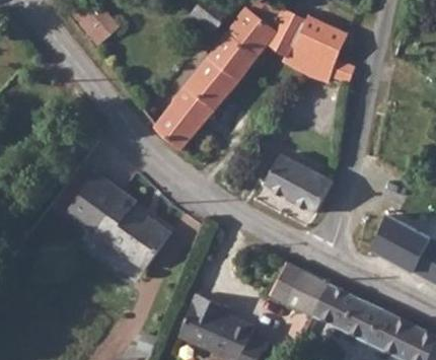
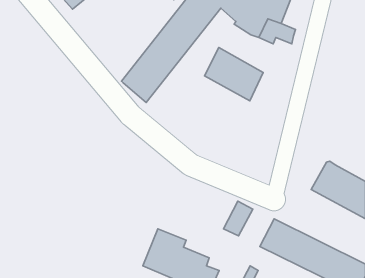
building: [264,153,331,214] -> [205,48,263,101]
building: [64,172,170,270] -> none
building: [287,272,328,314] -> none

